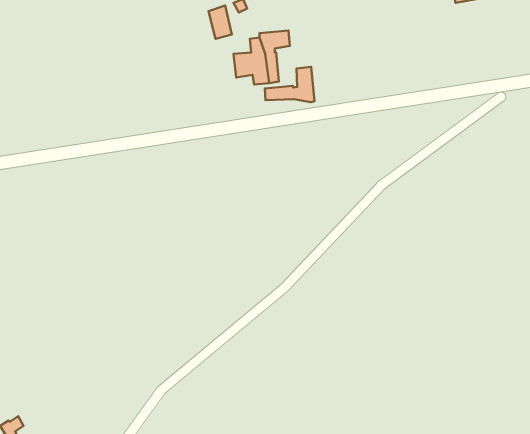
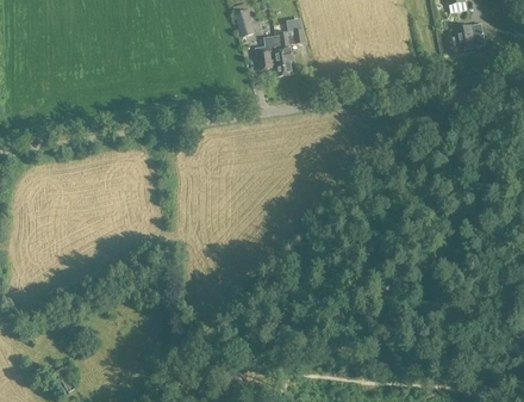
building: none -> [453,23,485,49]
building: [265,67,315,102] -> none

